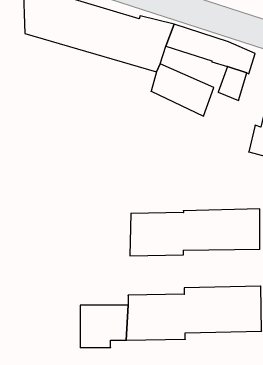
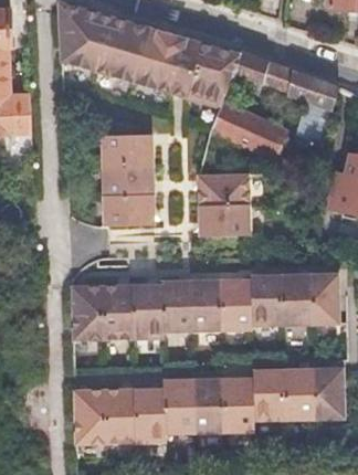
building: none -> [101,135,155,228]
building: none -> [200,177,252,236]
building: none -> [71,279,190,338]
building: none -> [73,378,187,442]

